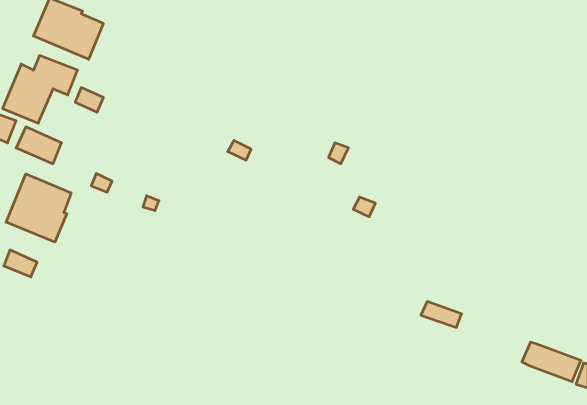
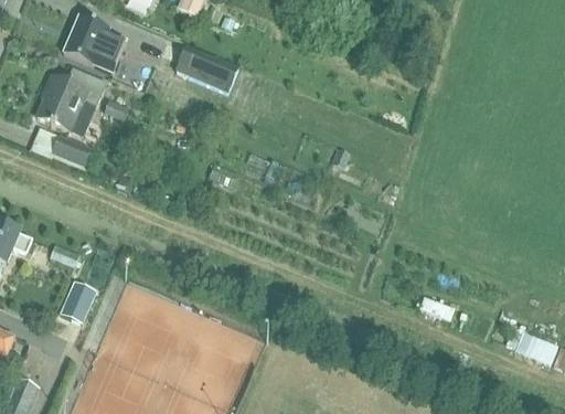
building: none -> [174,44,236,92]
building: [6,174,71,242] -> none
building: none -> [61,282,95,322]

